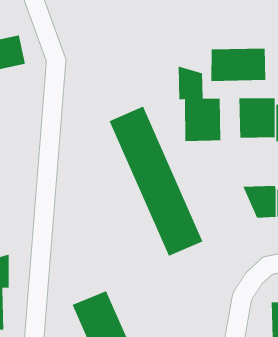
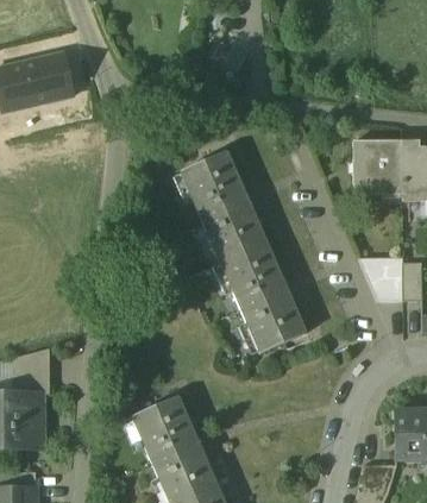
building: [210,48,266,82] -> none
building: [178,65,230,142] -> none

